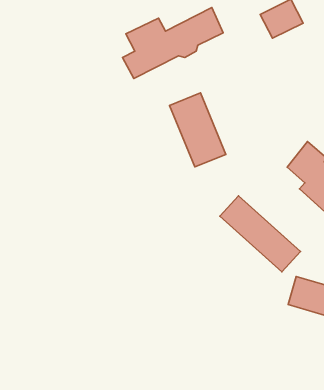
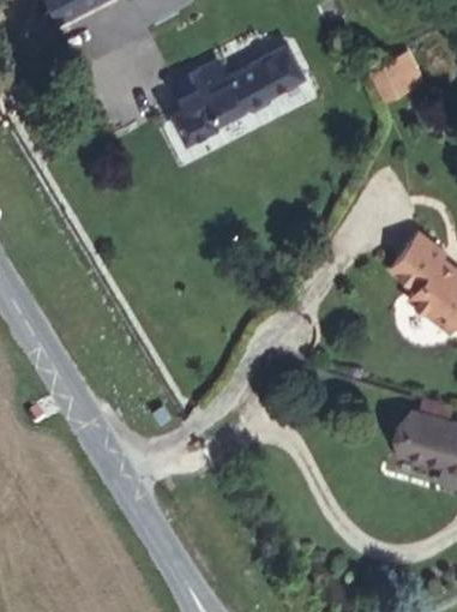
building: [169,93,226,167] -> none
building: [220,196,300,272] -> none

